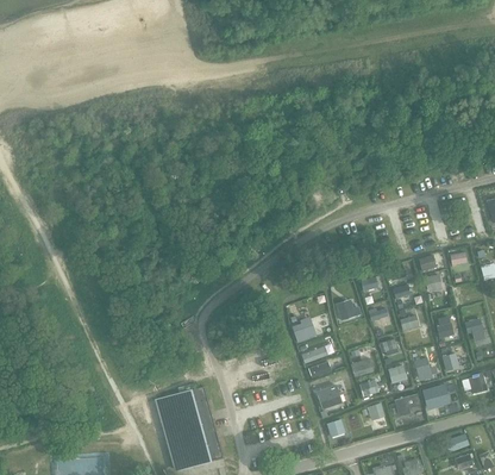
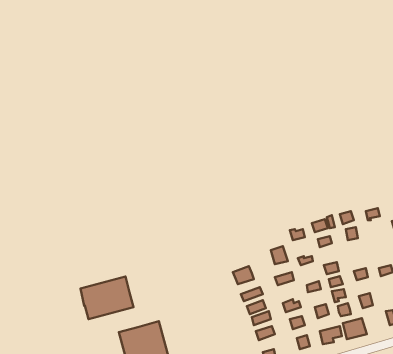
building: none -> [80,276,134,319]

